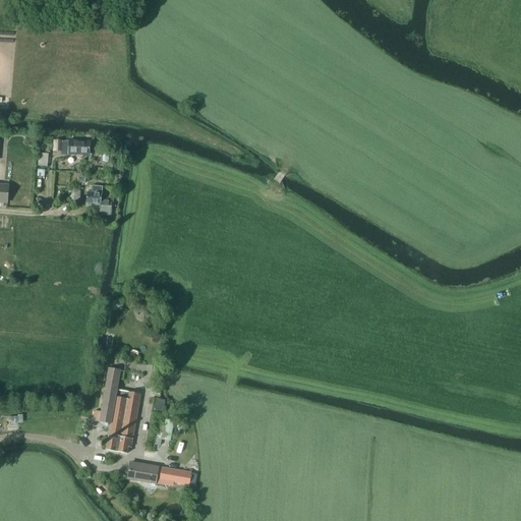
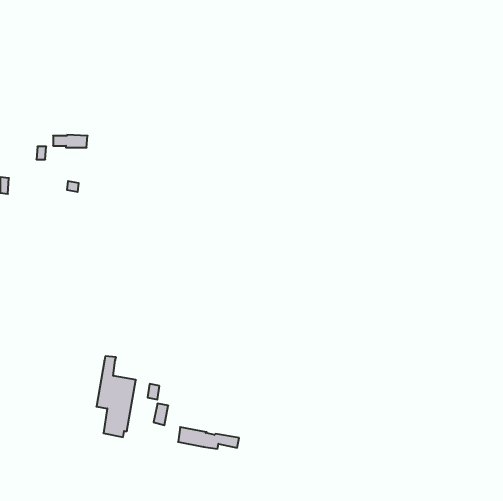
building: [88,183,113,214] -> none
building: [128,461,191,483] -> [178,427,239,449]

